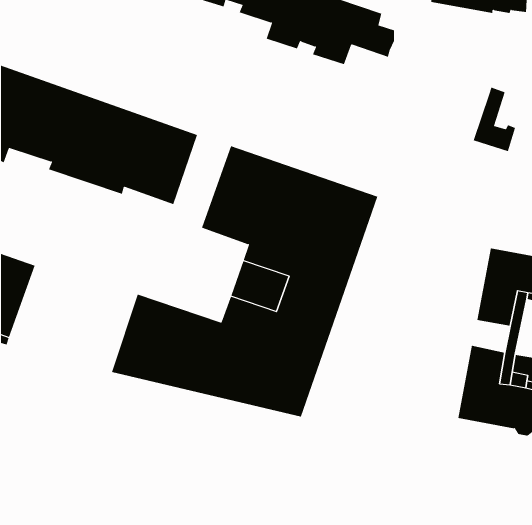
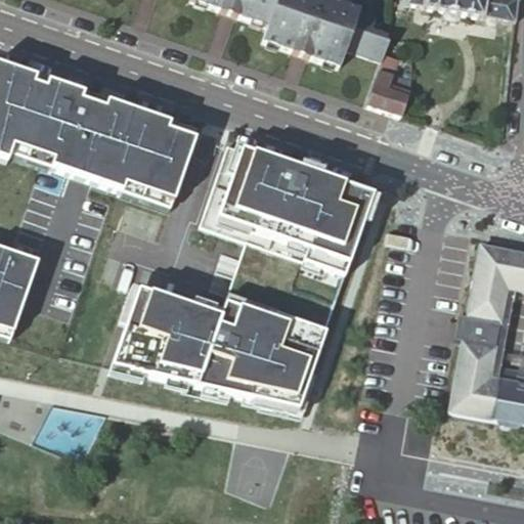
building: [473,87,516,152] -> [367,49,409,113]
building: none -> [455,312,501,345]

